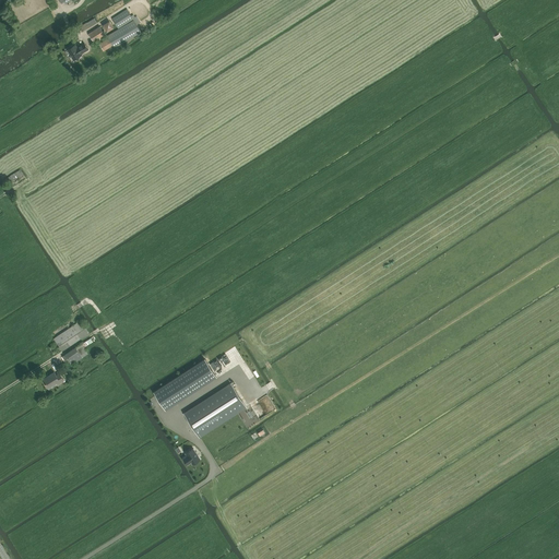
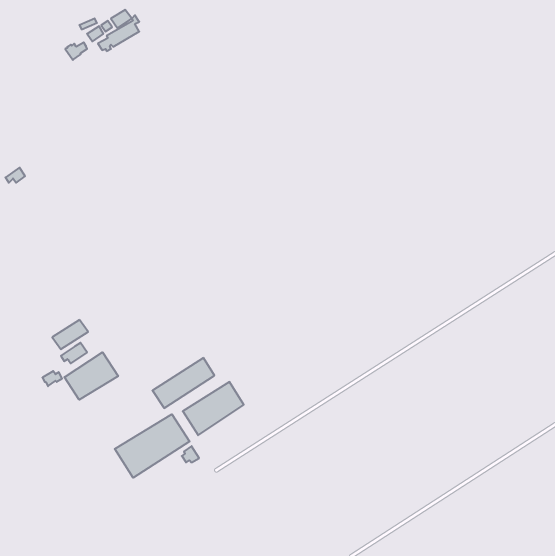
building: none -> [64,352,118,400]
building: none -> [115,414,190,478]

